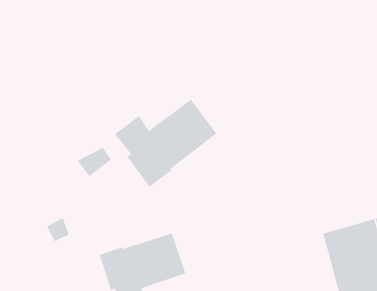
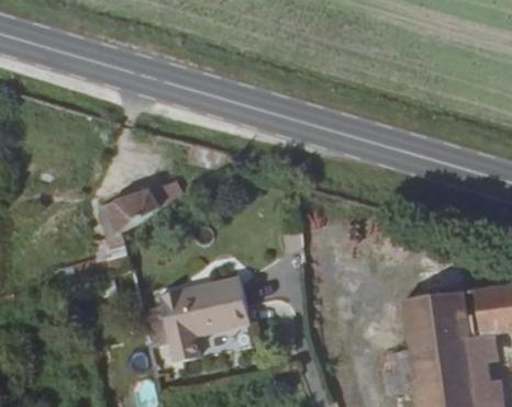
building: [114,99,217,187] -> none
building: none -> [104,188,157,234]

